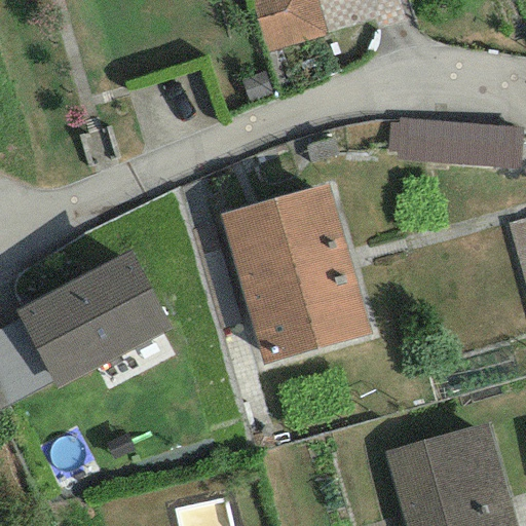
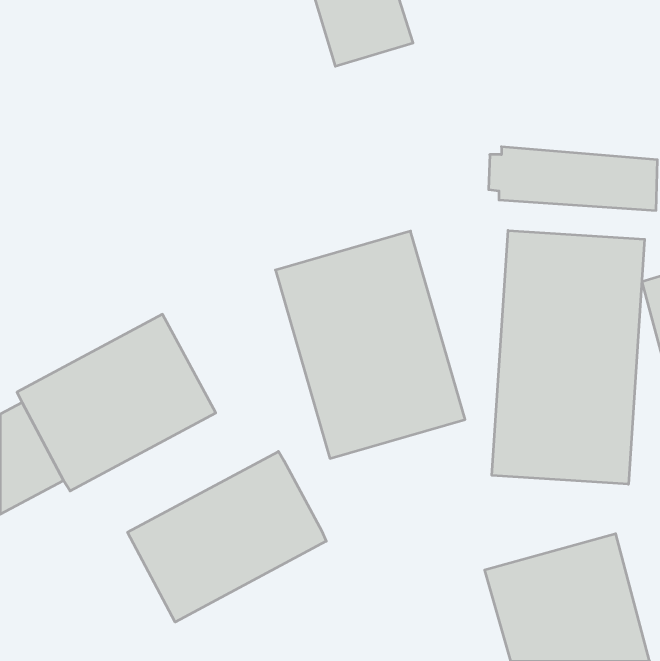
building: none -> [492,230,645,484]
building: none -> [128,451,326,622]

